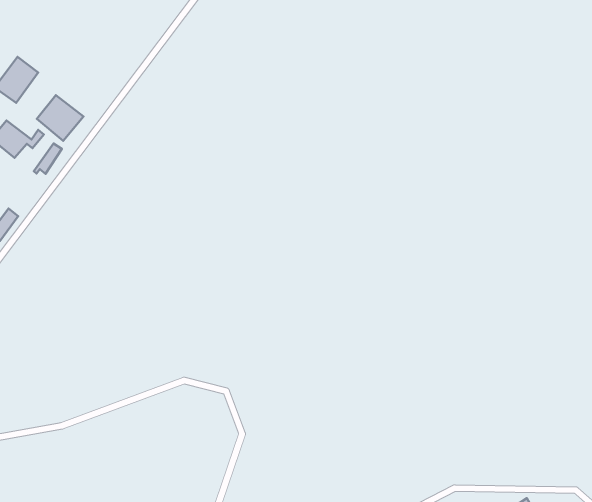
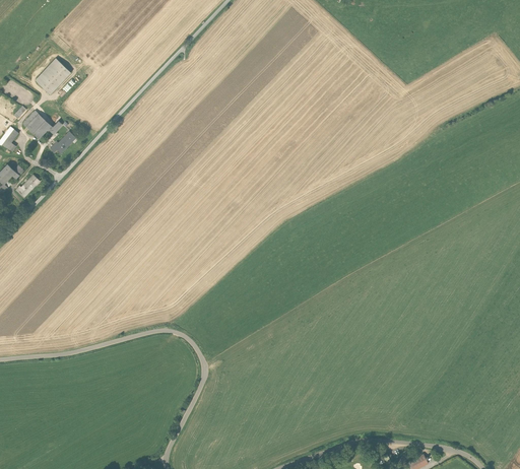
building: [37,95,84,141] -> none

